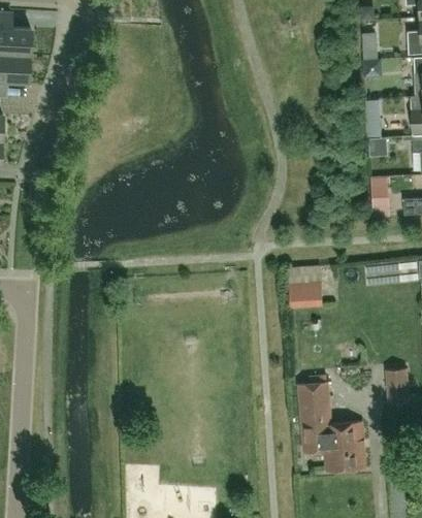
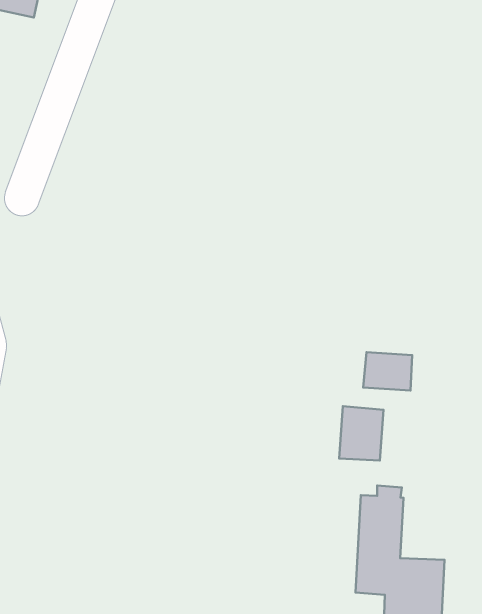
building: none -> [339,406,383,460]

